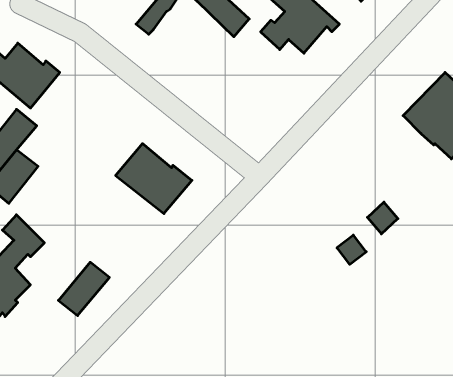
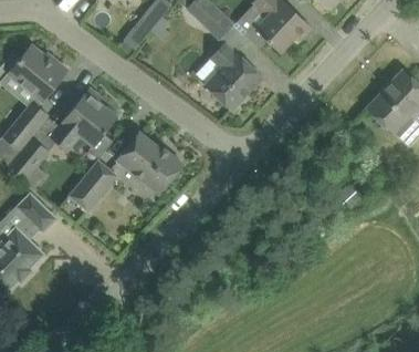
building: none -> [196,41,262,110]
building: none -> [51,92,116,157]
building: [58,262,109,316] -> [70,162,114,208]

